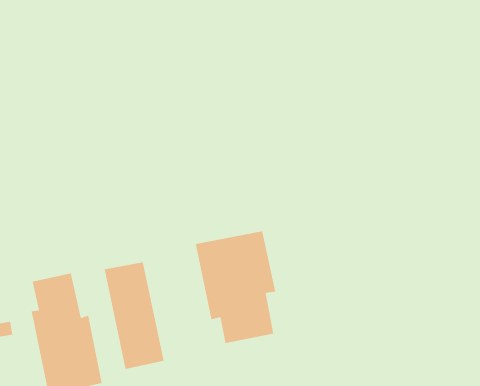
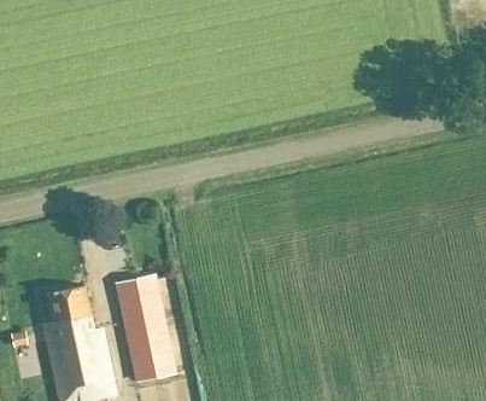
building: [195,231,276,344] -> none

